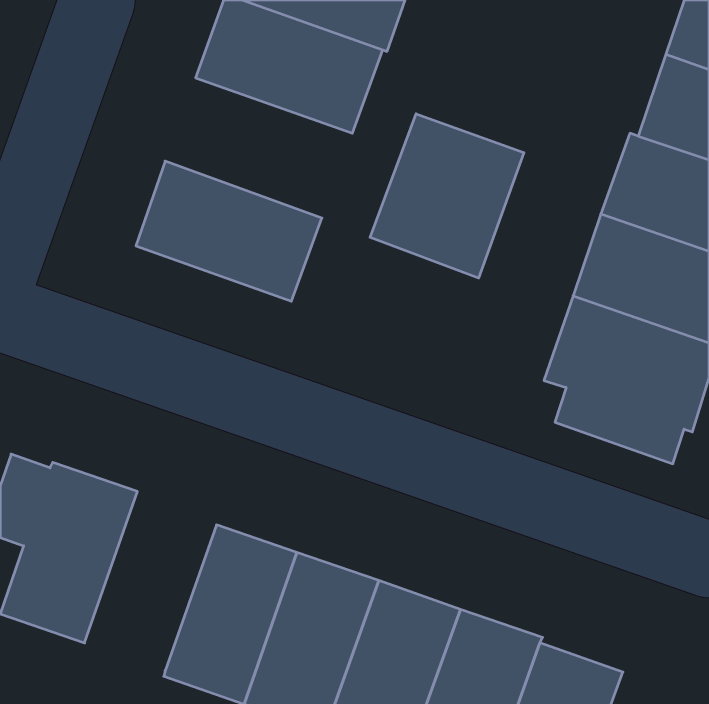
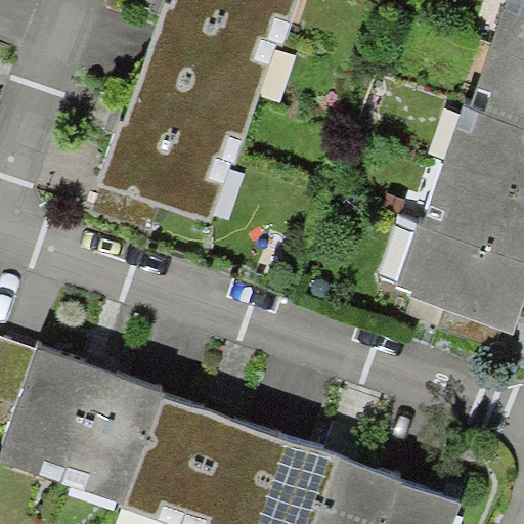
building: none -> [122,61,260,165]
building: [370,114,524,278] -> none
building: none -> [62,366,161,498]

